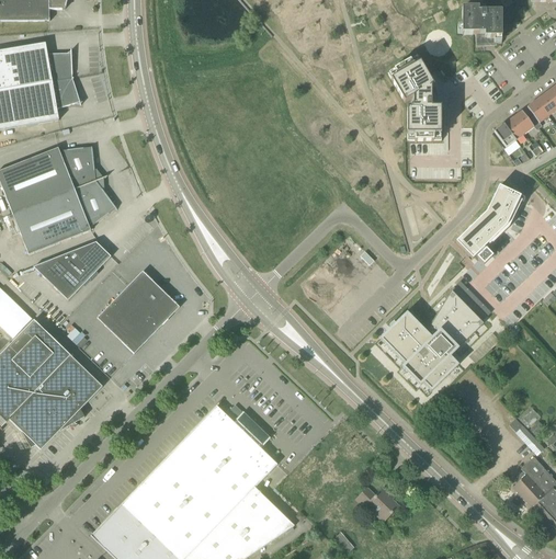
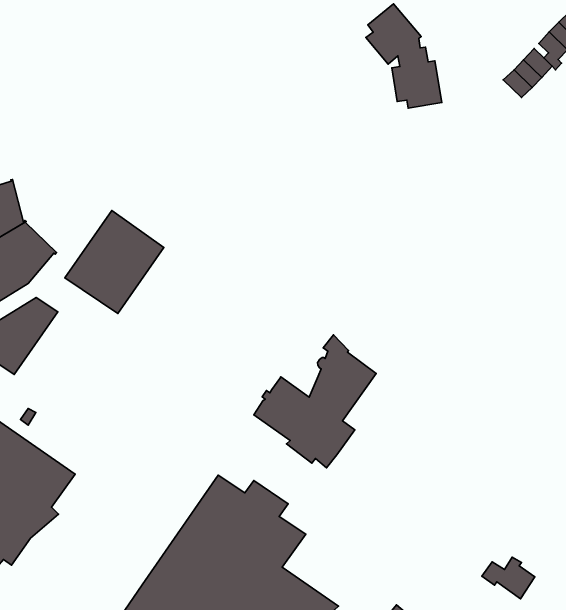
building: [456,184,521,262] -> none
building: [97,270,179,352] -> [65,211,164,313]
building: [381,285,483,389] -> [254,335,376,468]
building: [356,486,398,520] -> [482,557,535,599]

